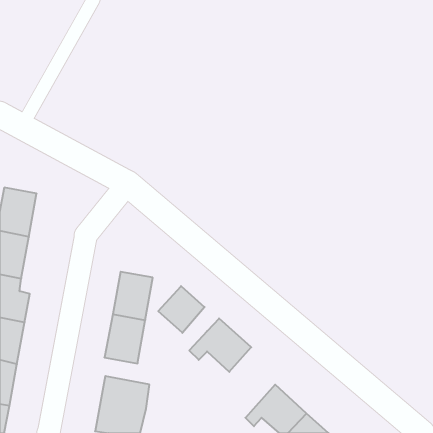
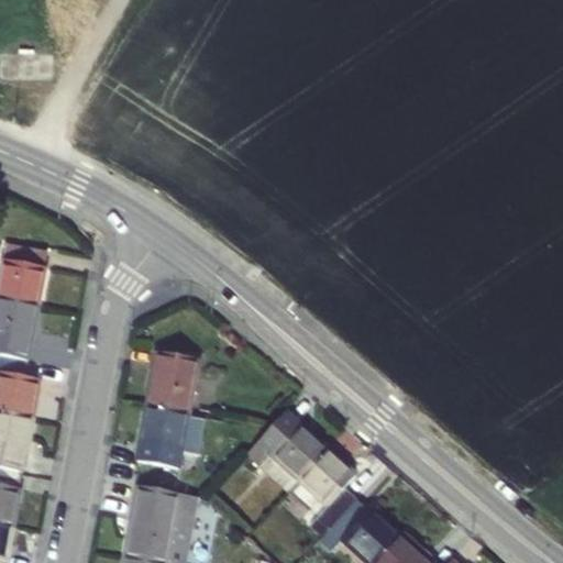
building: [158,286,205,333] -> none
building: none -> [297,450,356,530]

